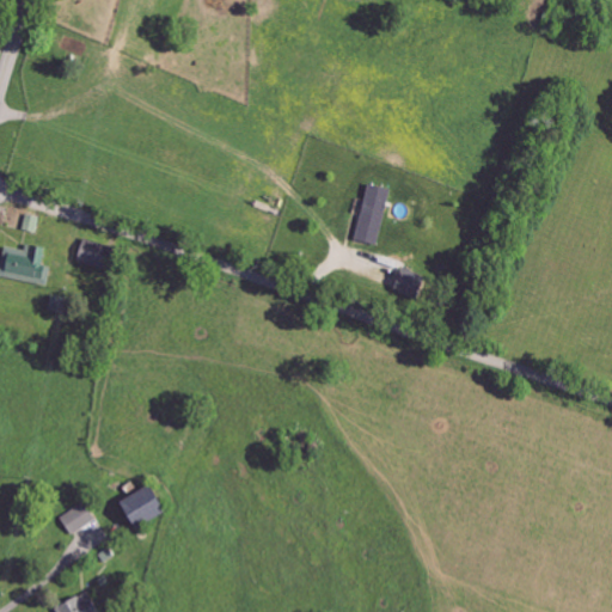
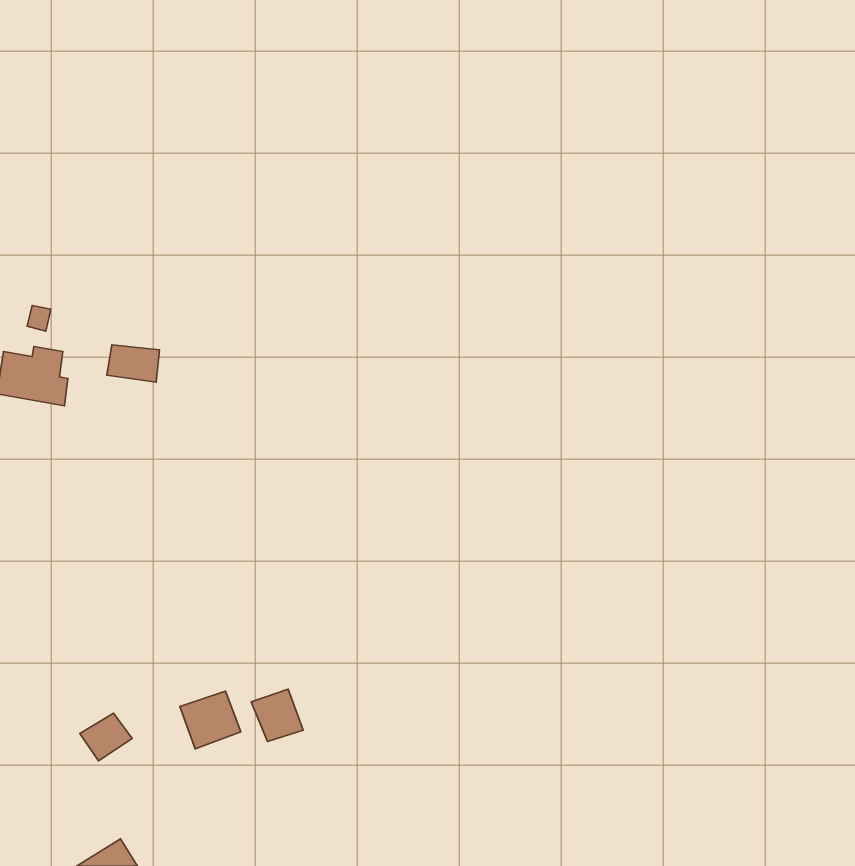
building: [351,184,387,246] -> none
building: none -> [251,689,303,741]

